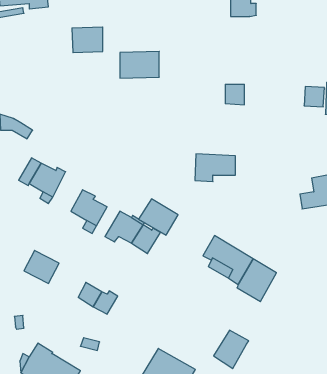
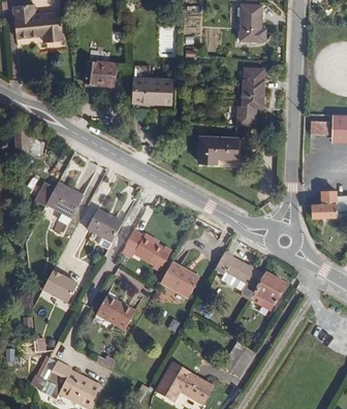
building: none -> [241,67,262,106]
building: [195,154,235,182] -> [199,136,239,163]
building: [139,199,178,235] -> [159,263,197,298]

